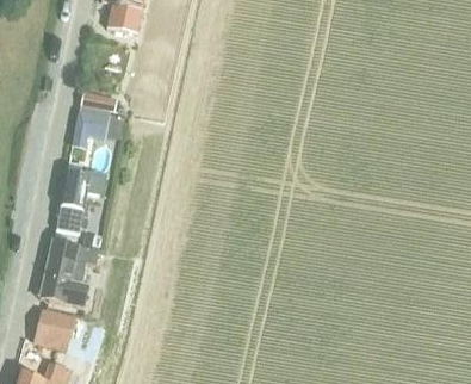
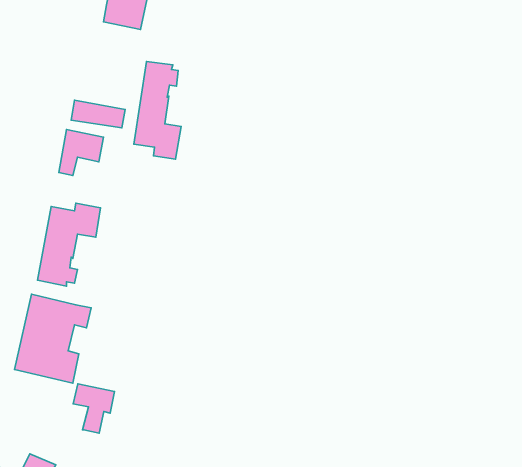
building: none -> [134,61,181,159]
building: [42,310,74,348] -> [73,384,115,433]

